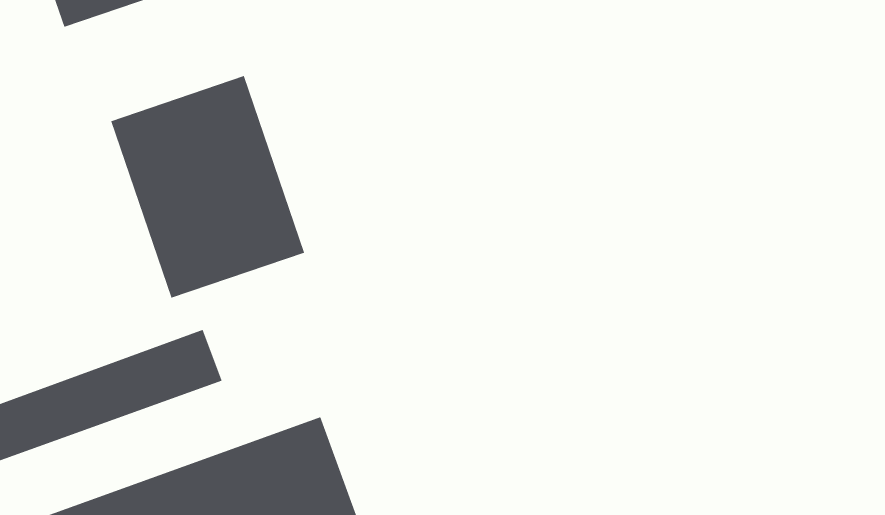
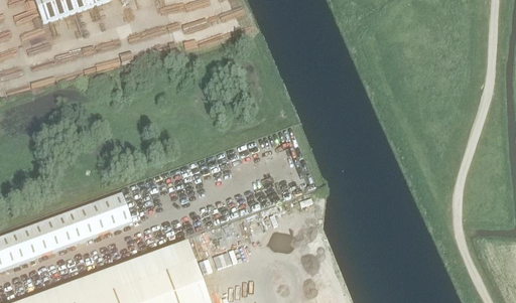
building: [110,75,305,298] -> none

